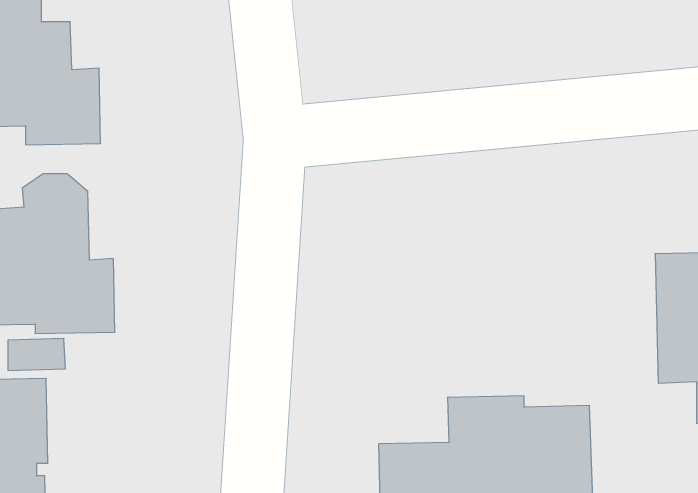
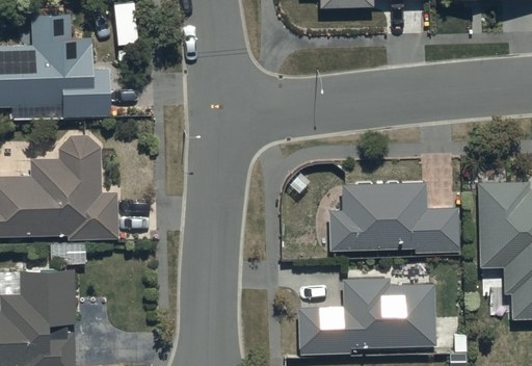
building: none -> [323,184,457,255]

